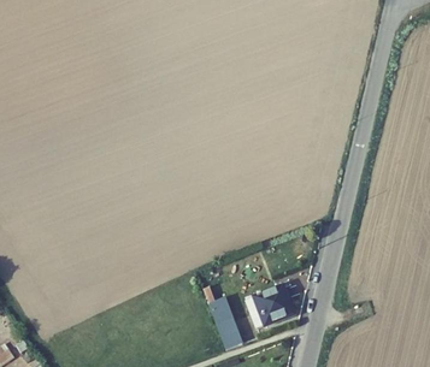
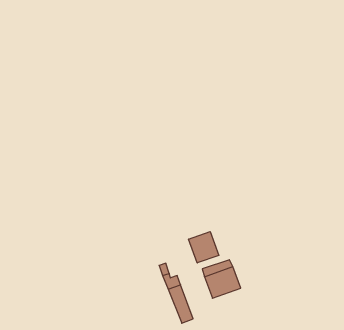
building: none -> [189,232,219,263]

